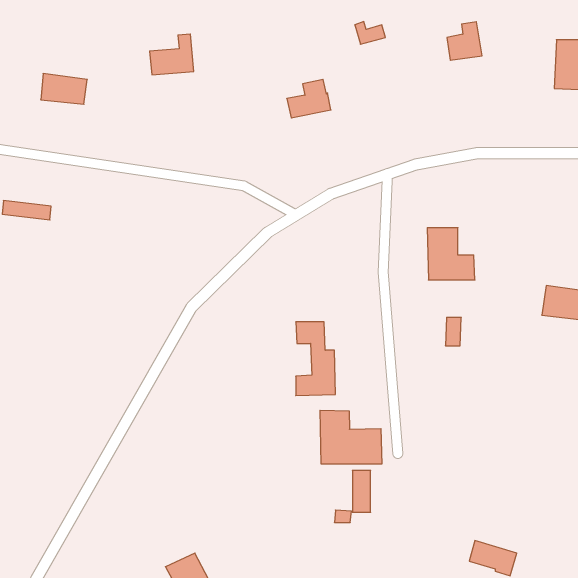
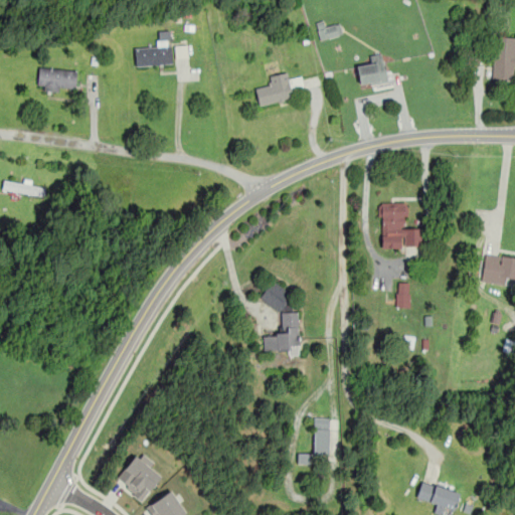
building: [447,22,482,60] -> [357,53,388,88]
building: [320,410,382,464] -> none
building: none -> [116,456,161,501]

